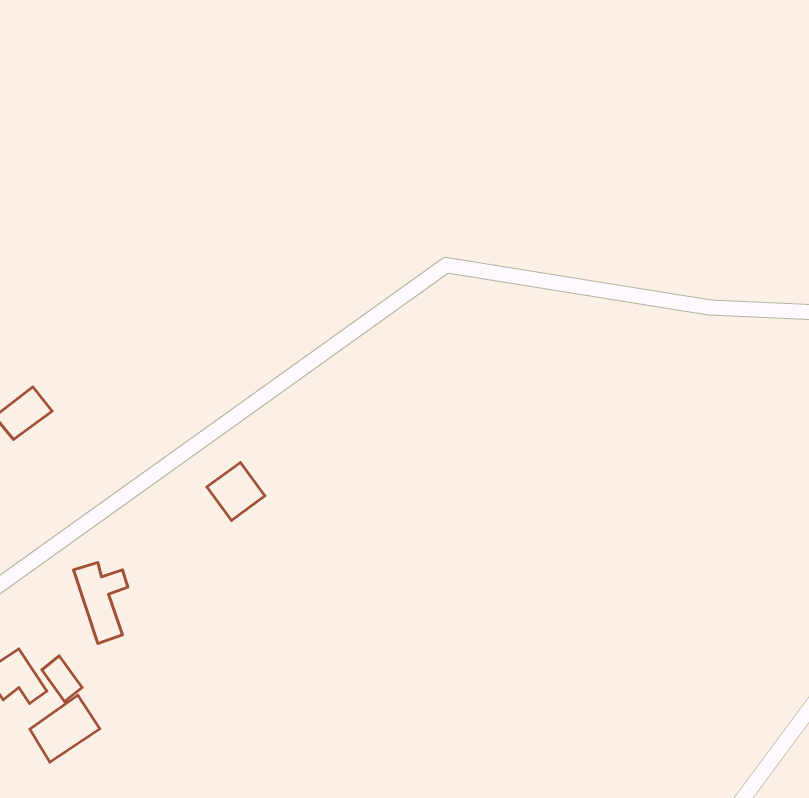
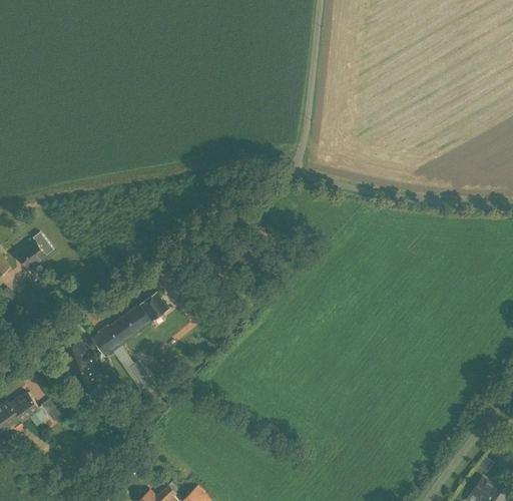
building: none -> [92,302,152,356]
building: [30,695,100,762] -> none

